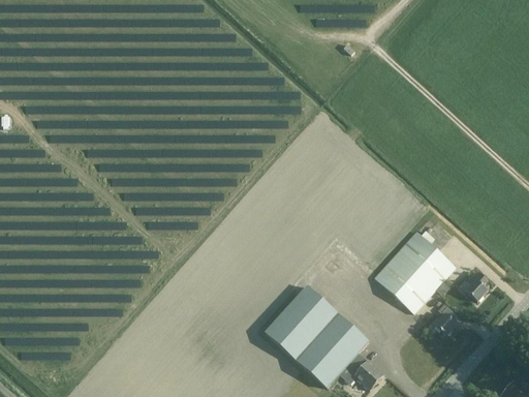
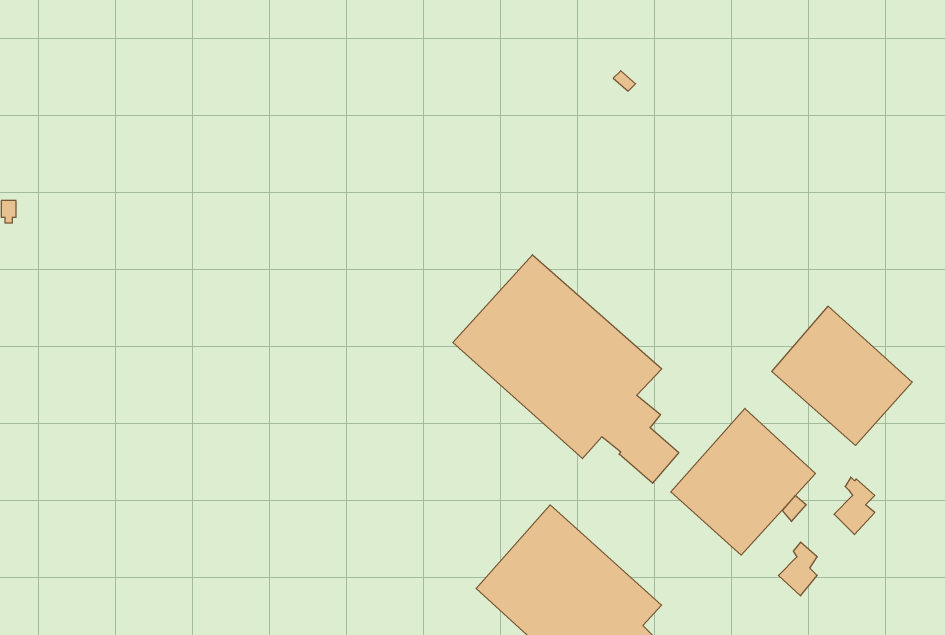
building: none -> [453,255,679,483]
building: none -> [772,306,912,445]

